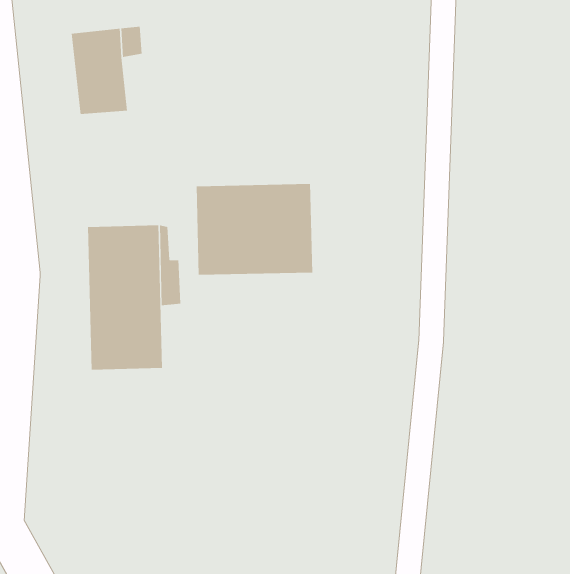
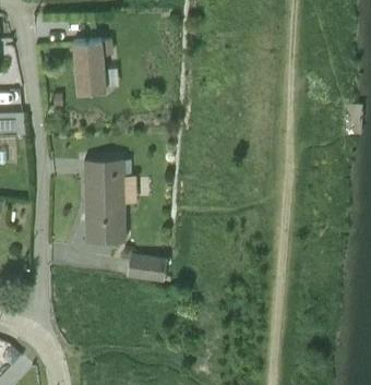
building: [196,183,313,276] -> none
building: none -> [127,255,166,285]

